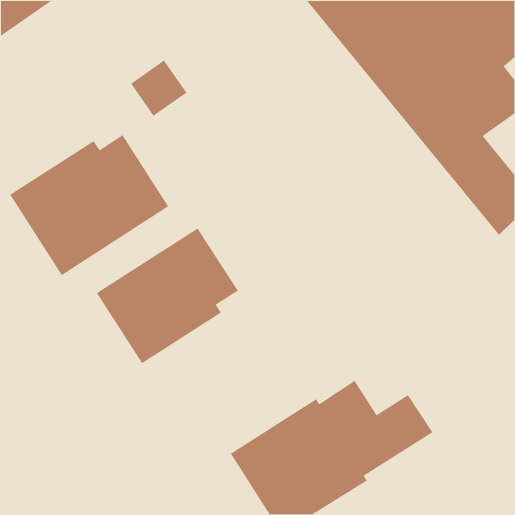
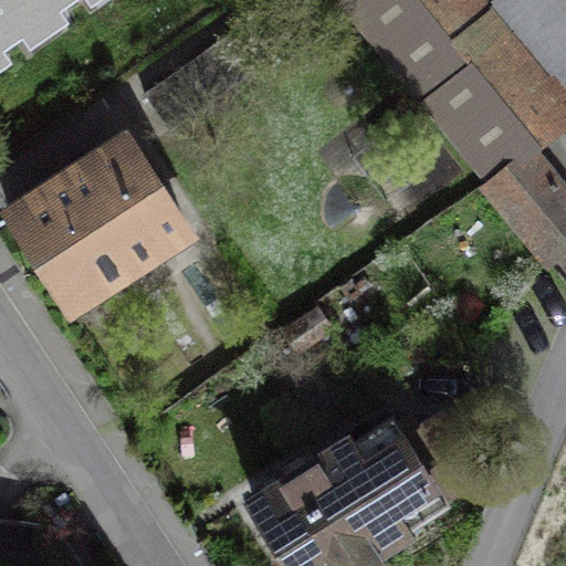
building: [96,227,239,364] -> none

